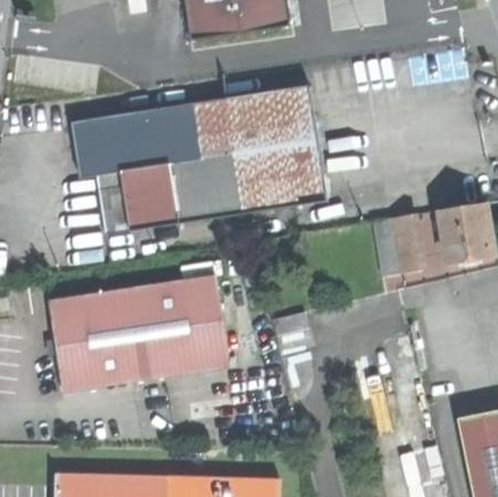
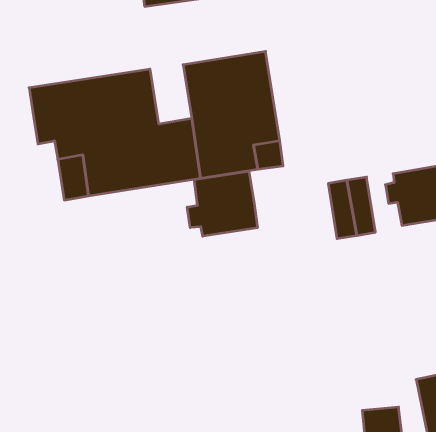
building: [193,98,235,158] -> none
building: none -> [187,171,257,236]
building: [48,276,228,391] -> none

